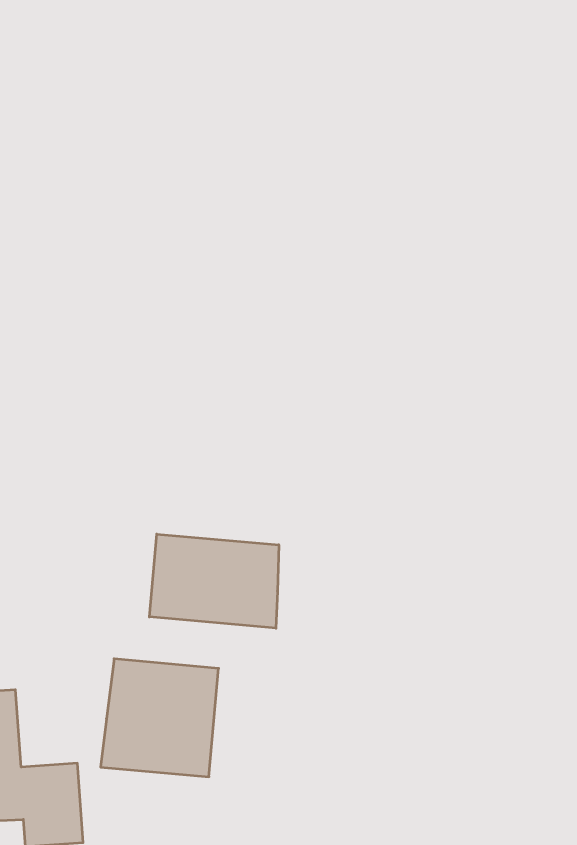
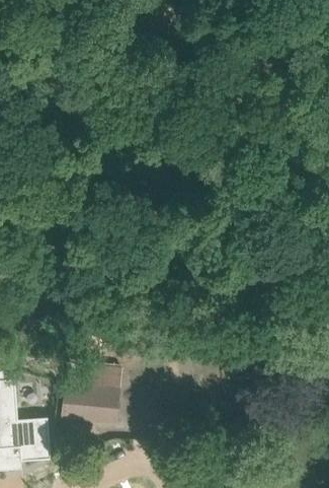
building: [149,534,279,628] -> none

